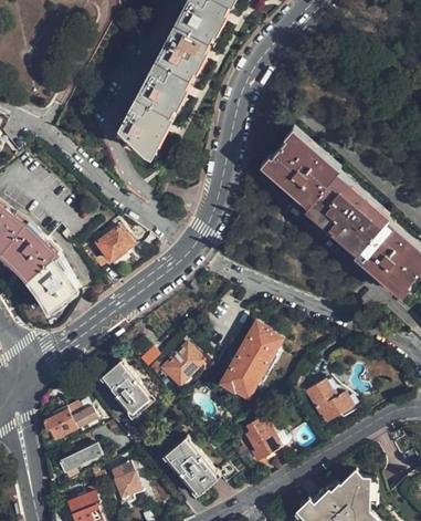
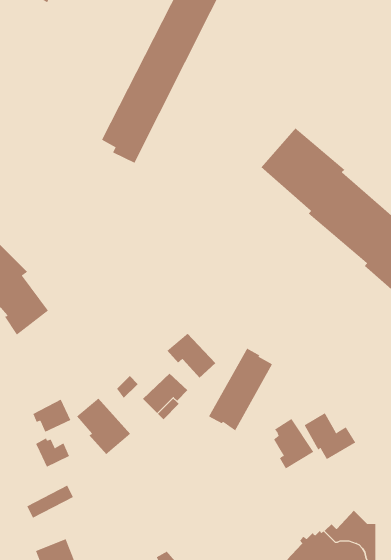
building: [91,229,131,271] -> none
building: none -> [166,333,216,379]
building: [41,410,75,440] -> [33,399,71,433]
building: [243,417,280,462] -> [273,418,314,469]
building: [164,441,215,493] -> none
building: [108,463,138,507] -> none

